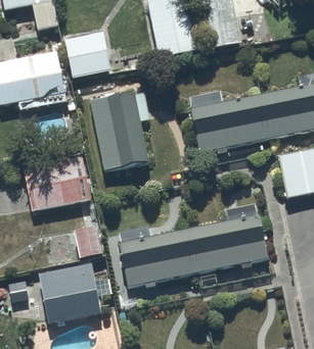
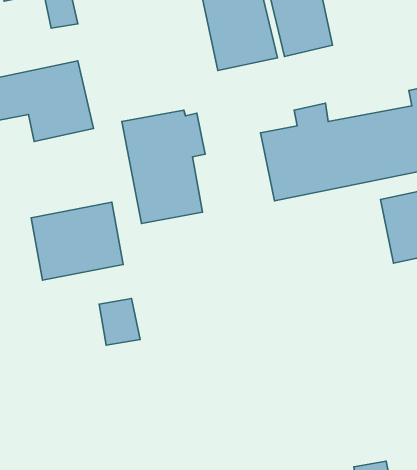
building: [62,32,113,80] -> none
building: [118,212,269,288] -> none
building: [38,262,111,323] -> none

